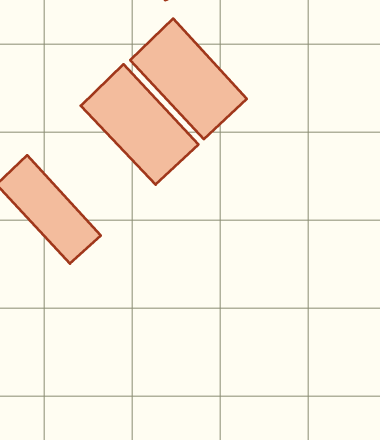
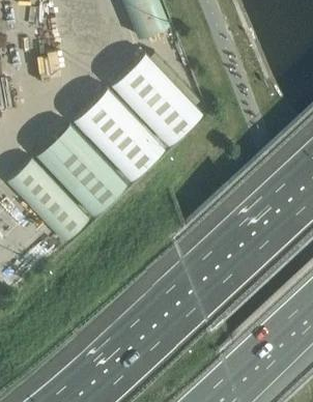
building: none -> [35,125,126,218]

